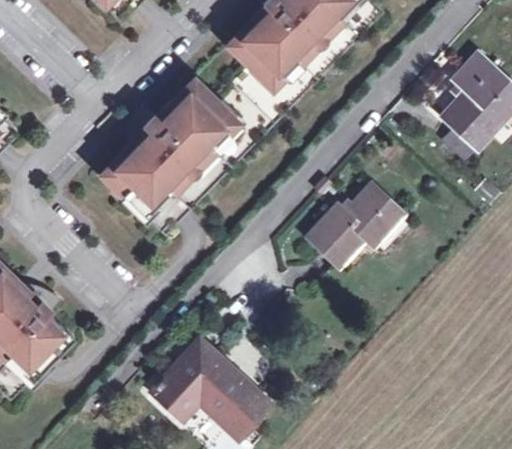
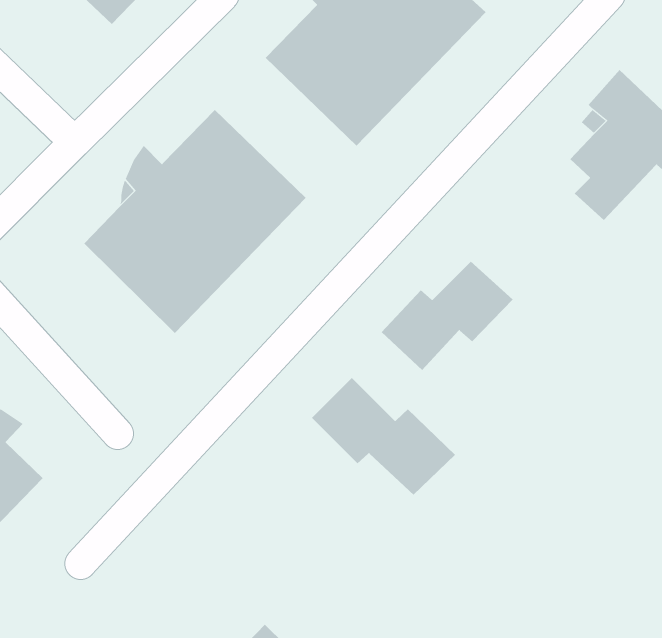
building: none -> [311,377,456,495]
building: [150,337,268,435] -> none

